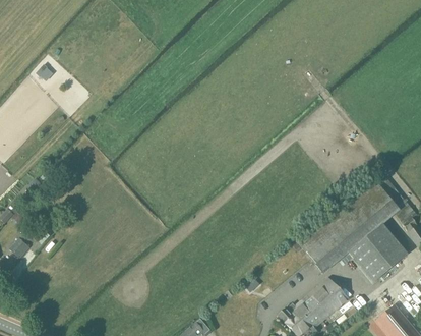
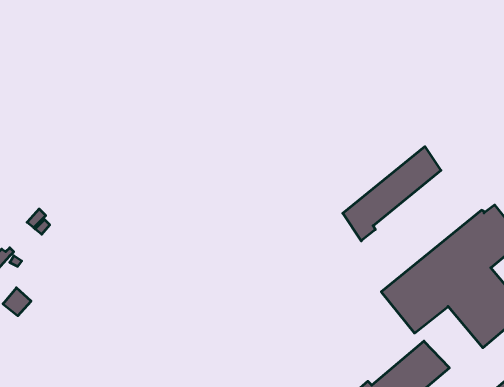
building: none -> [343,147,441,241]

